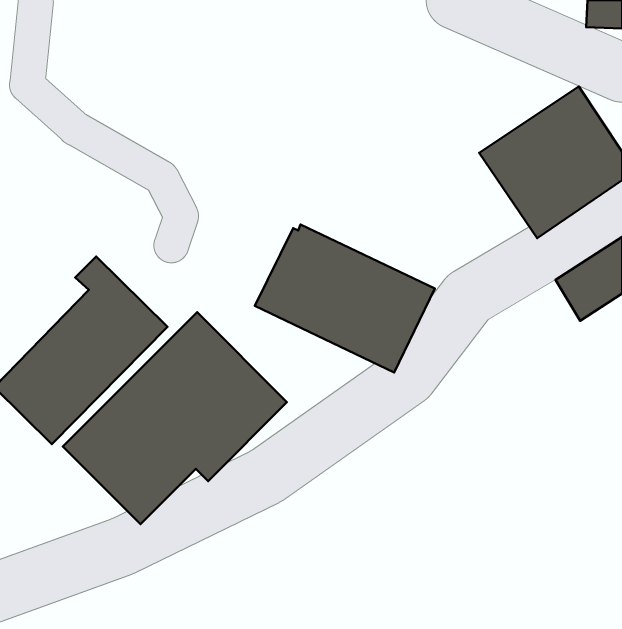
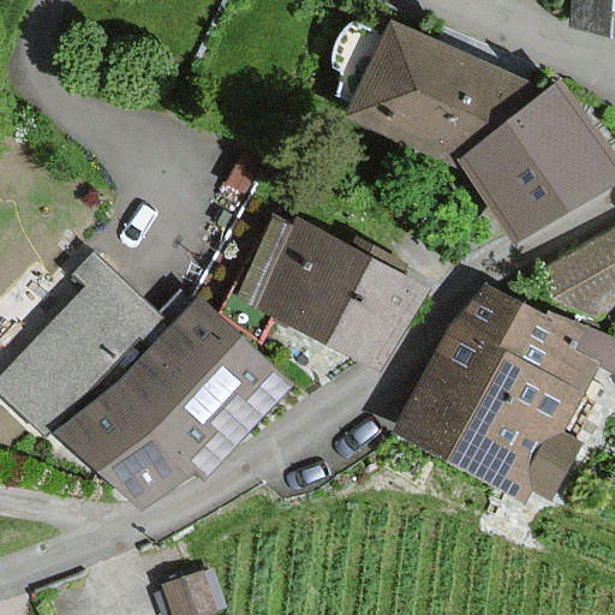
building: none -> [346,22,508,157]
building: none -> [401,282,591,494]

